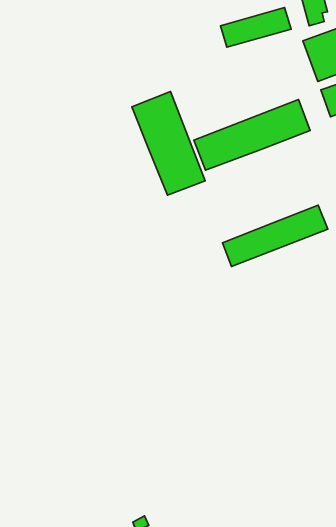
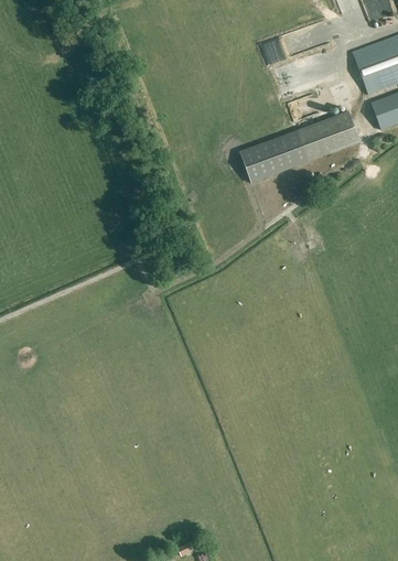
building: [132,92,205,195] -> none
building: [223,205,328,266] -> none

